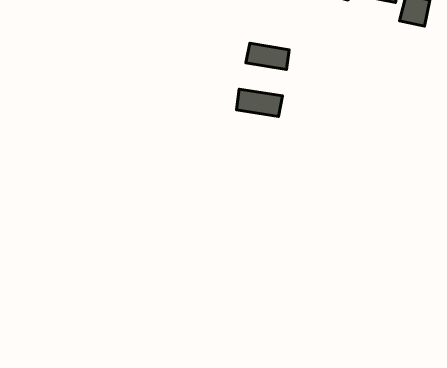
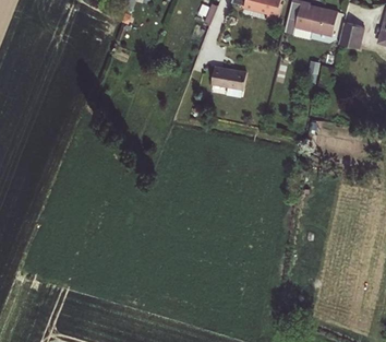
building: [236,89,282,116] -> none

